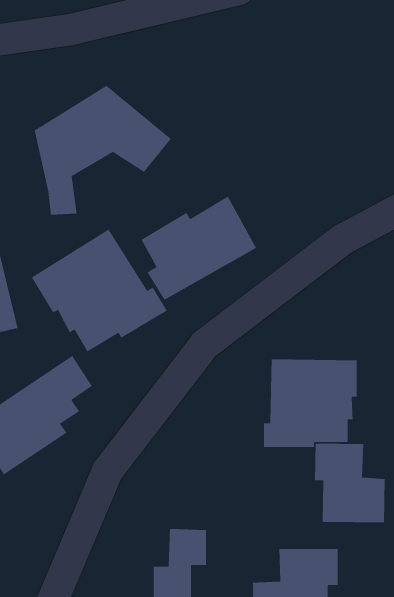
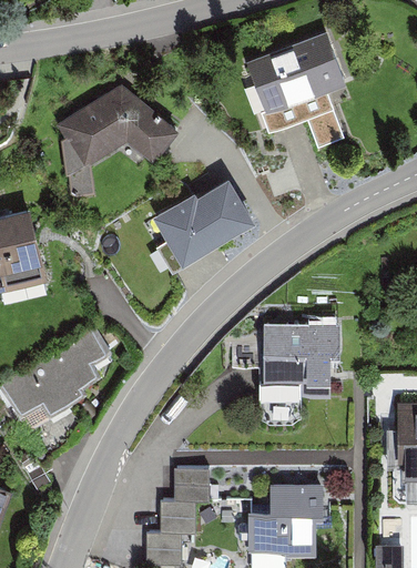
building: none -> [245,28,345,146]
building: [31,229,168,353] -> none
building: [314,443,385,523] -> none

